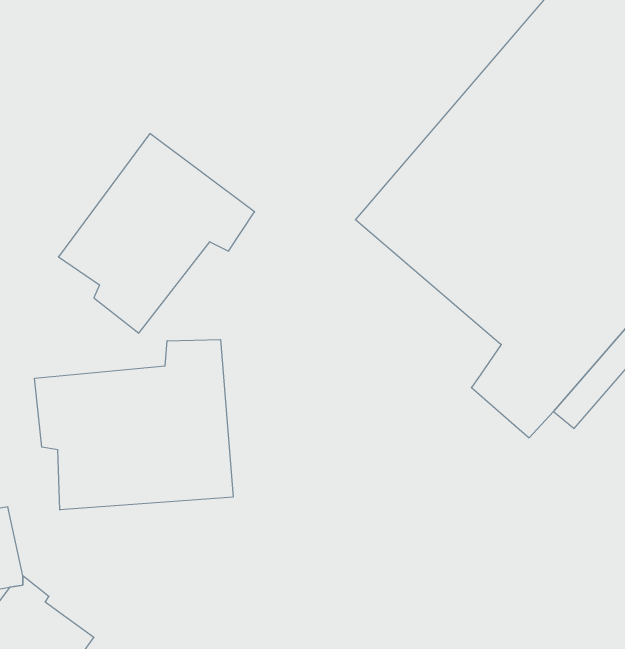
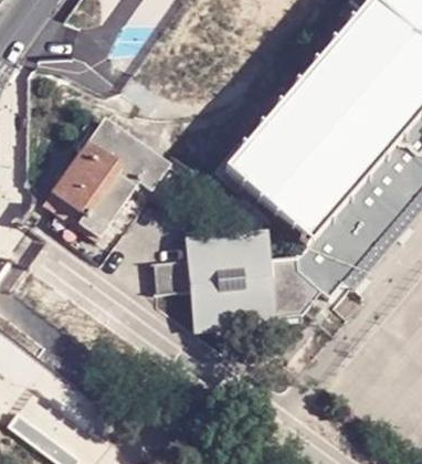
building: none -> [155,232,323,331]
building: [35,340,233,510] -> none

